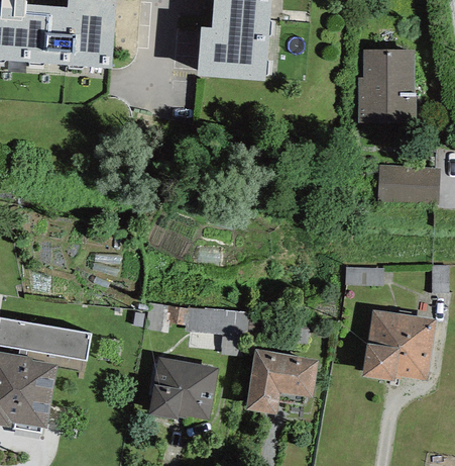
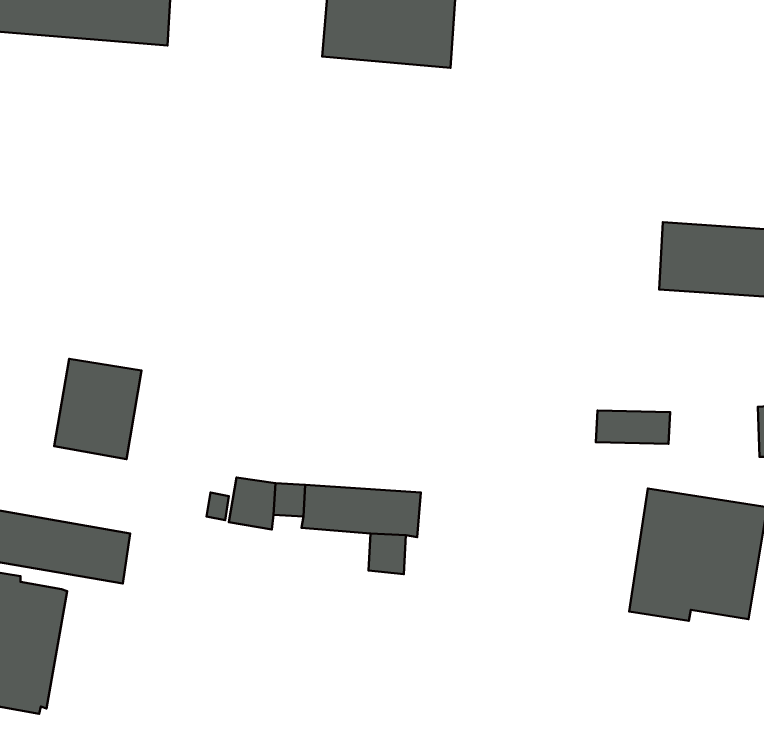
building: [357,50,414,123] -> none
building: none -> [54,359,142,459]
building: [244,349,318,414] -> none
building: [147,357,218,420] -> none

